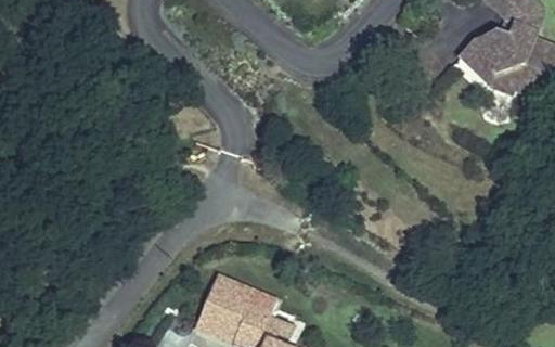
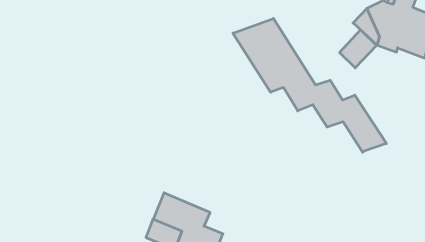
building: none -> [233,18,386,152]
building: none -> [340,30,376,68]

